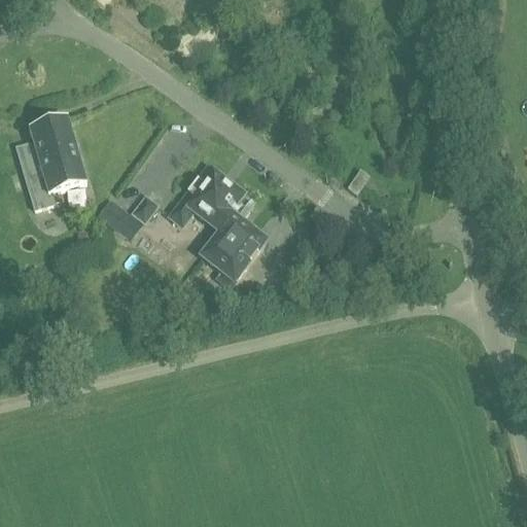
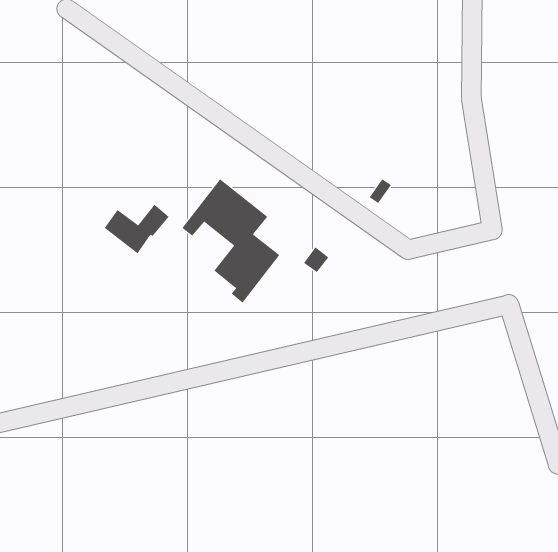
building: [17,117,85,208] -> none

